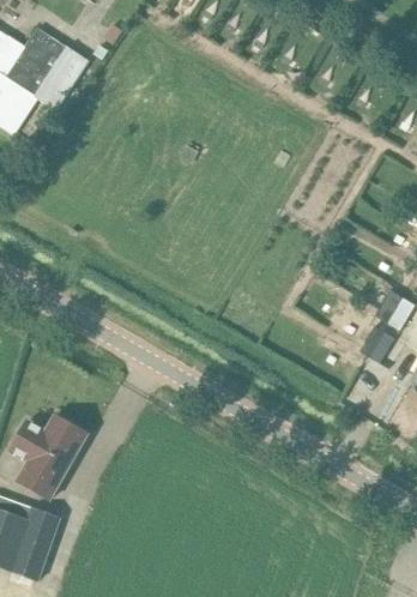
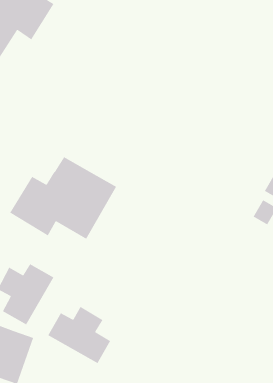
building: none -> [9,156,117,240]
building: none -> [47,306,111,364]

